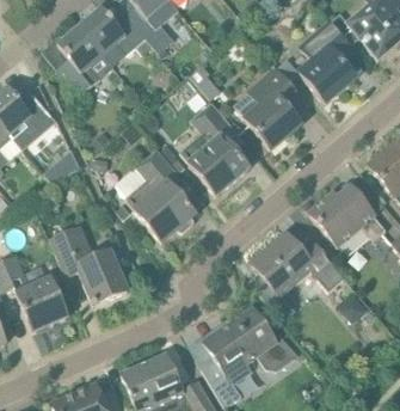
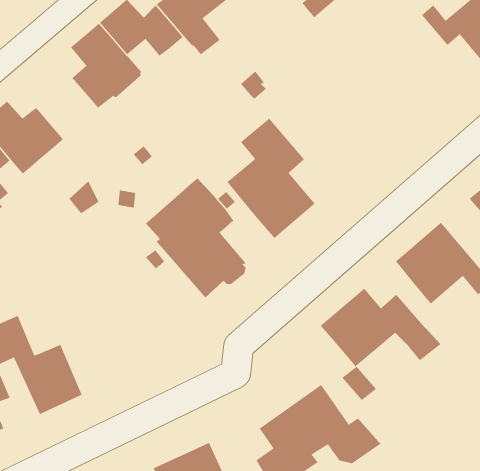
building: [299,19,356,102] -> none
building: [234,66,303,147] -> none
building: [50,226,128,305] -> none

